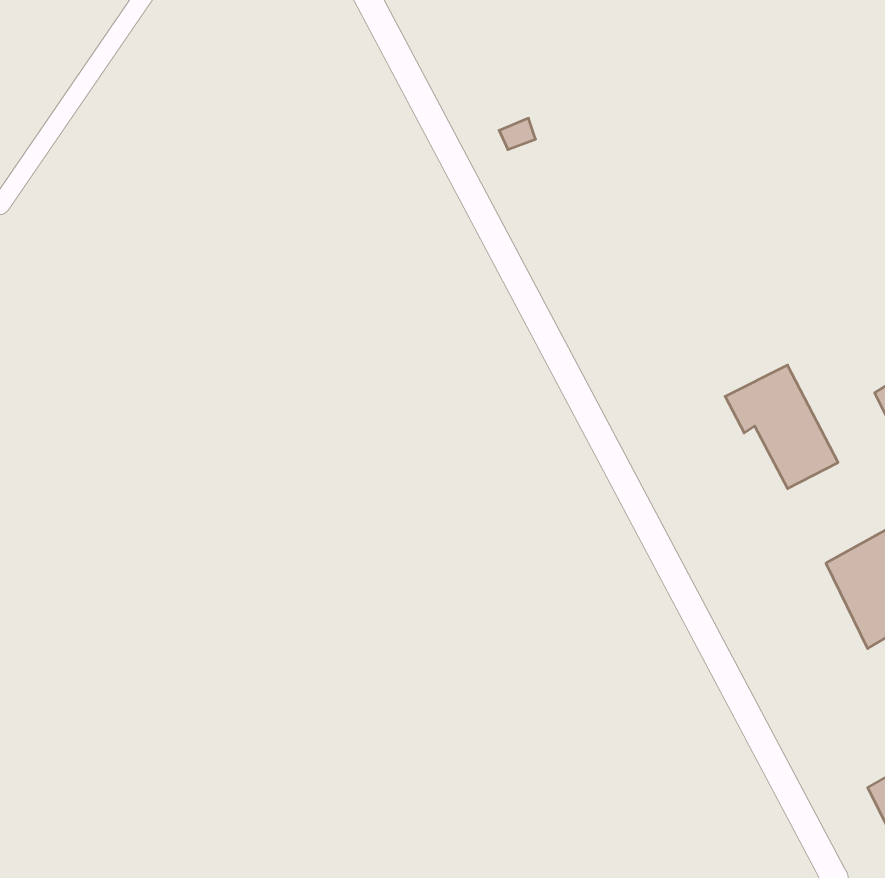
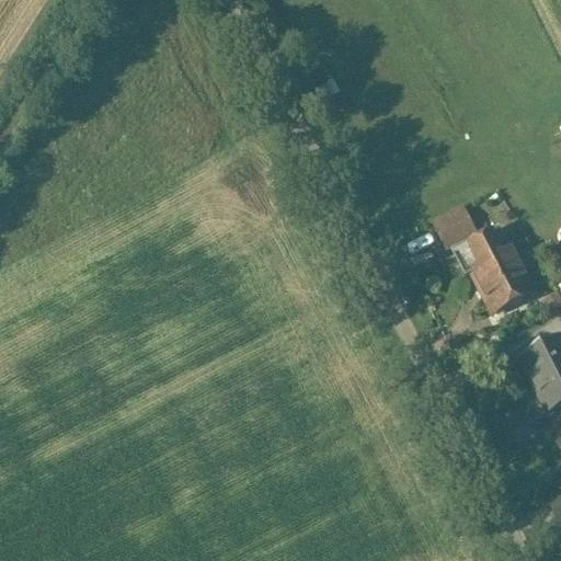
building: none -> [435,206,476,245]

